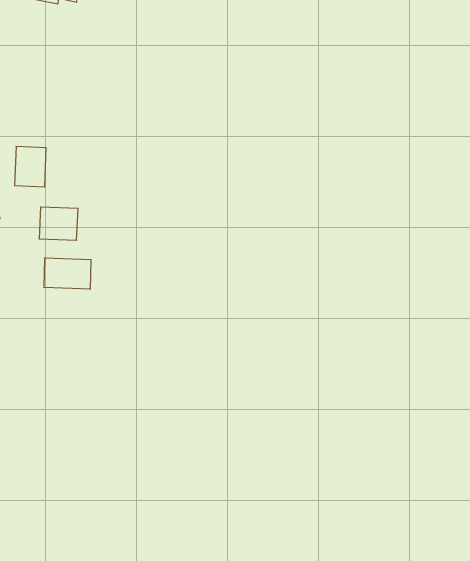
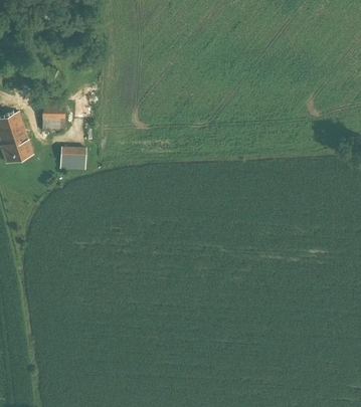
building: [44,258,91,289] -> none

